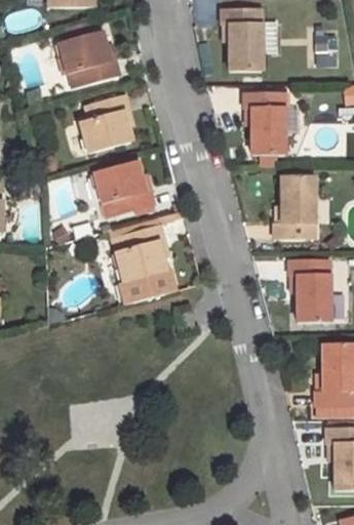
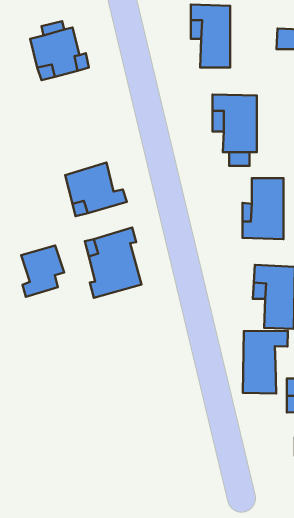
building: [85,97,133,151] -> none
building: none -> [21,245,64,297]
building: none -> [243,331,288,393]

